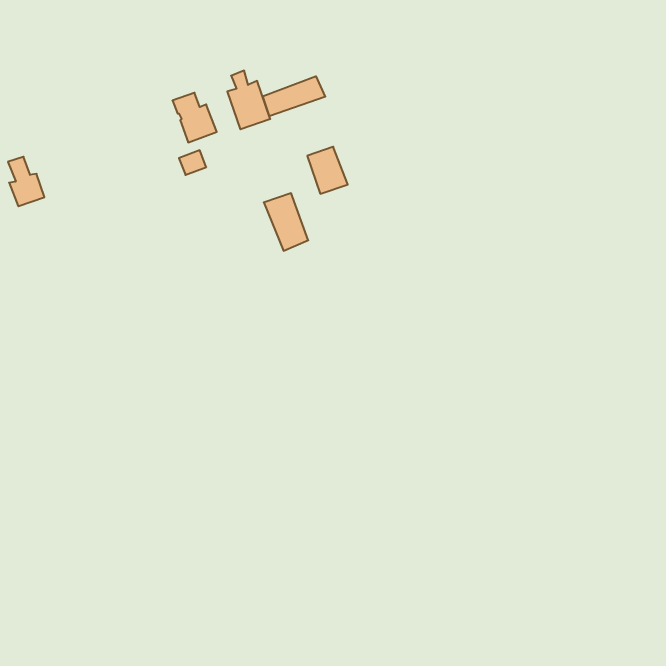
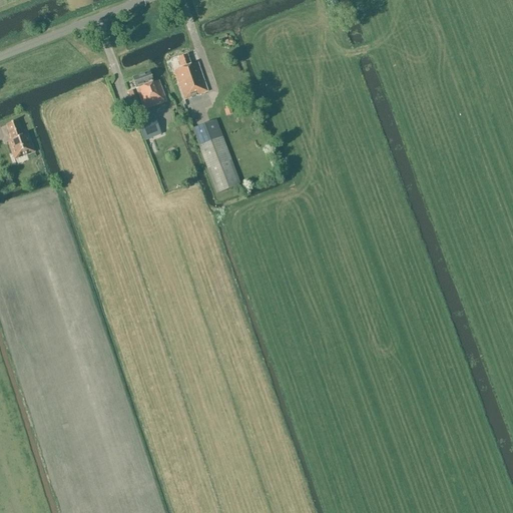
building: [263,76,325,116] -> none
building: [307,147,348,194] -> [193,119,224,155]

